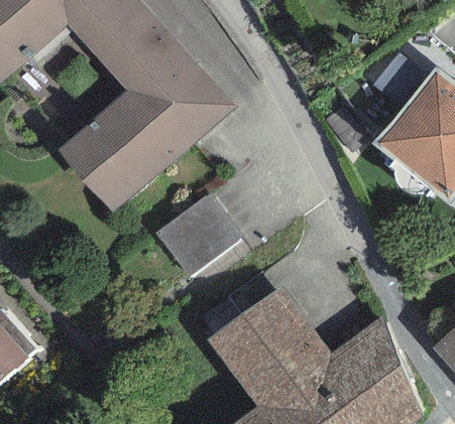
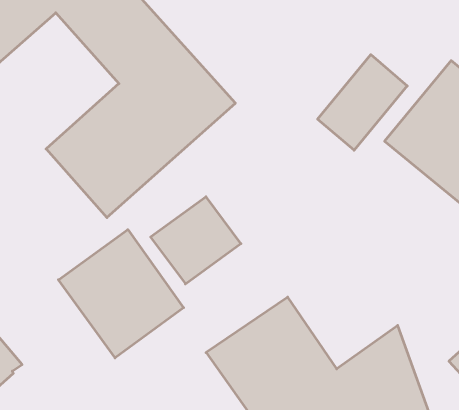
building: none -> [318,55,407,150]
building: none -> [58,230,184,358]

